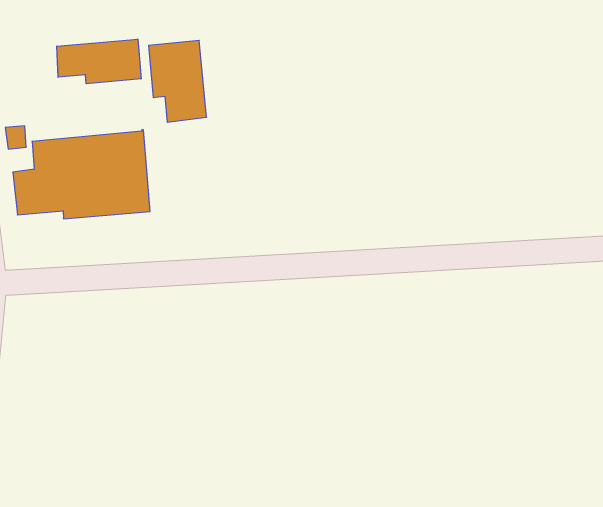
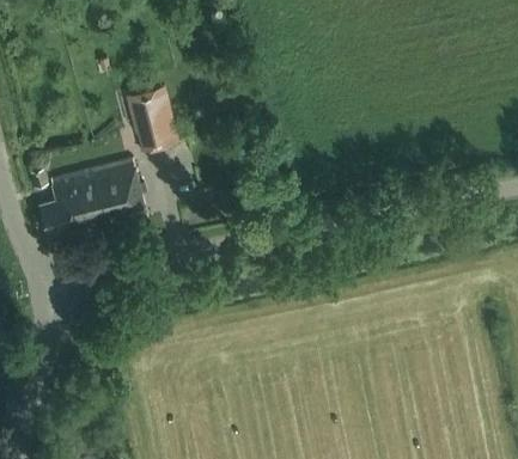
building: [57,39,141,84] -> none

